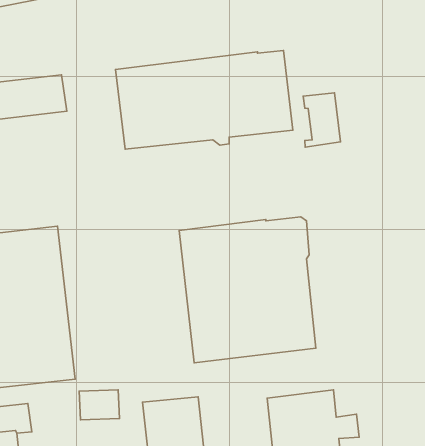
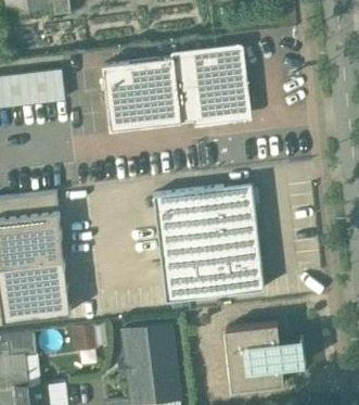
building: [303,93,341,147] -> none

